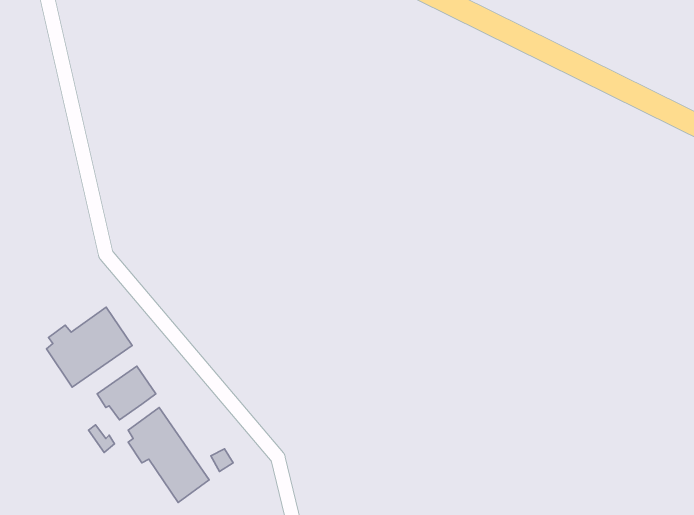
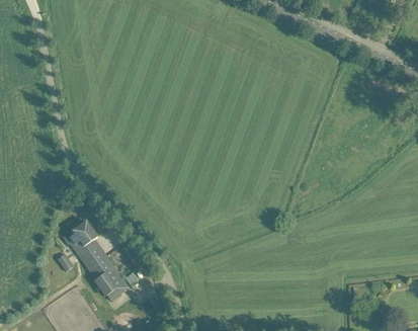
building: [46,307,132,387] -> none

